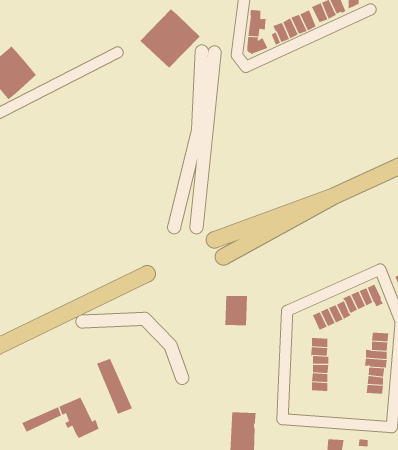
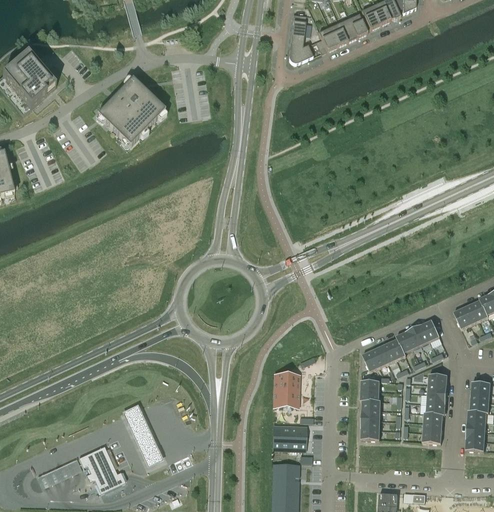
building: [139,9,200,69] -> [97,78,165,145]
building: [225,295,248,326] -> [273,373,299,407]
building: none -> [272,424,307,449]

